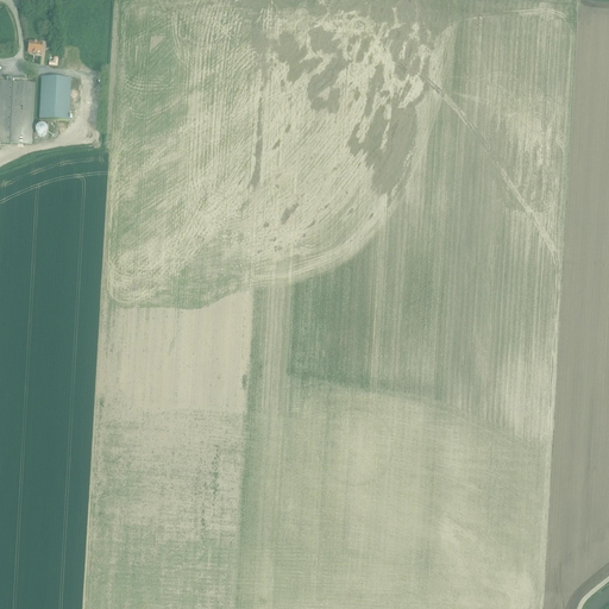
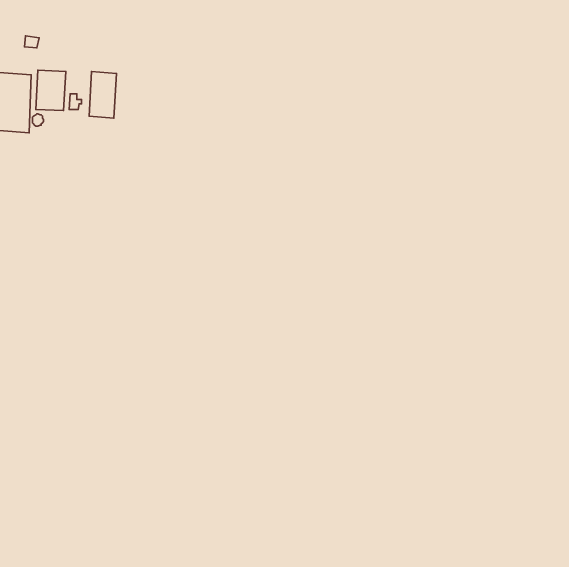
building: none -> [89,72,117,118]

